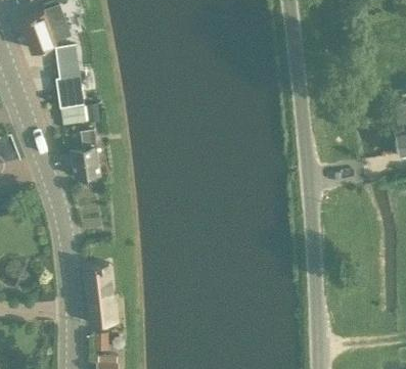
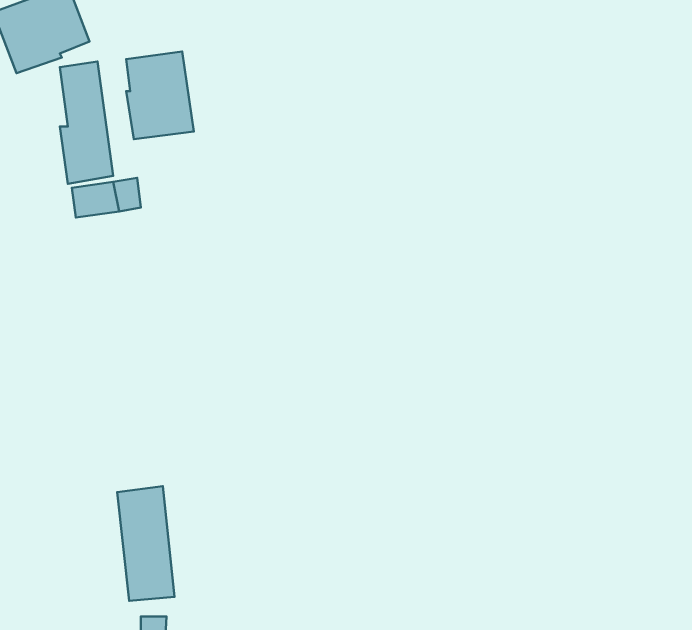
building: none -> [126,51,194,139]
building: [71,130,100,178] -> none

